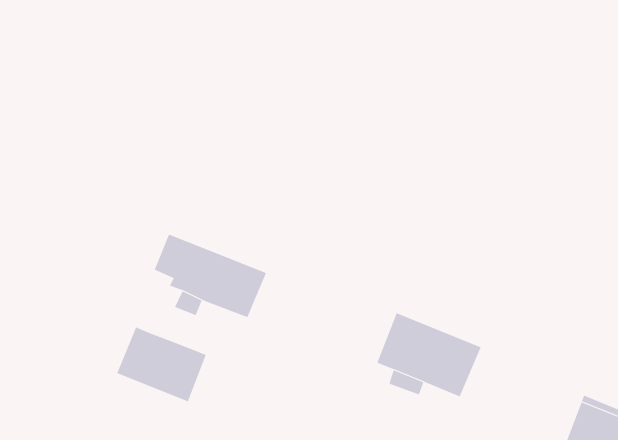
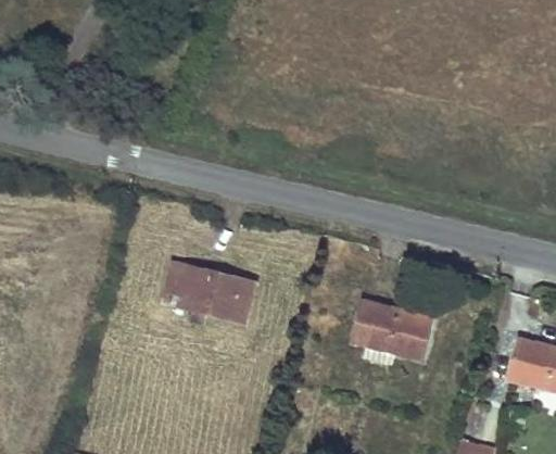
building: [117,327,207,402] -> none

